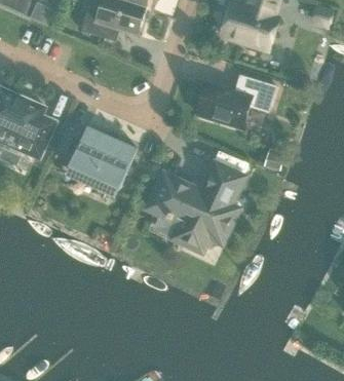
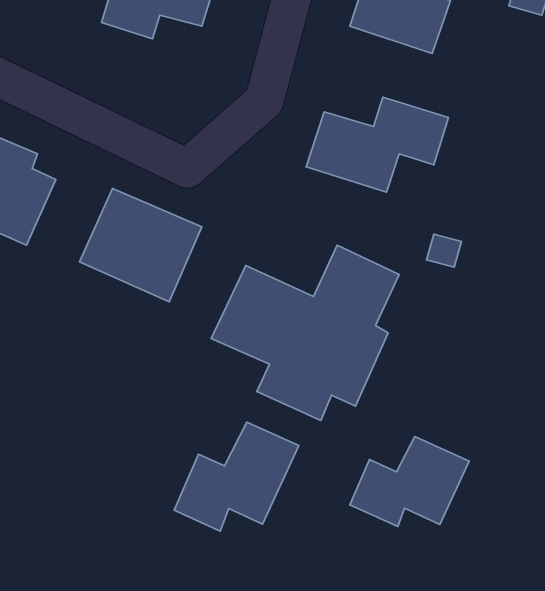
building: none -> [174,422,299,531]
building: none -> [350,437,469,527]

